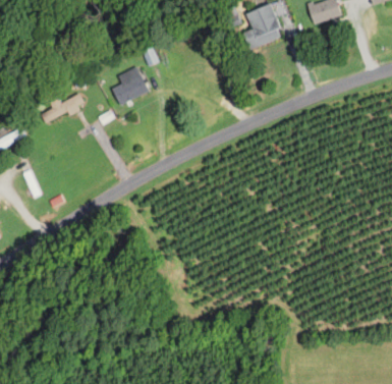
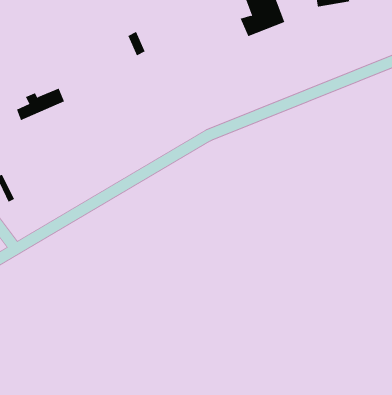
building: [112,74,150,105] -> none

